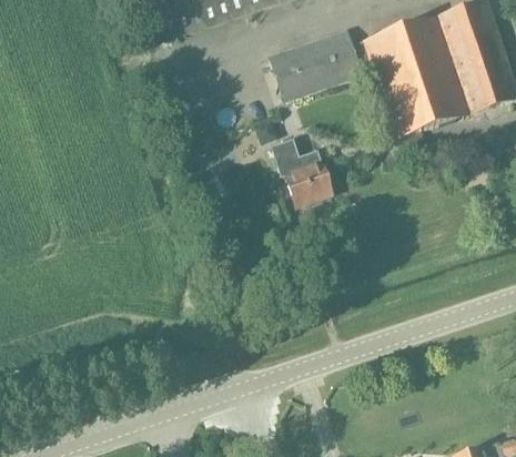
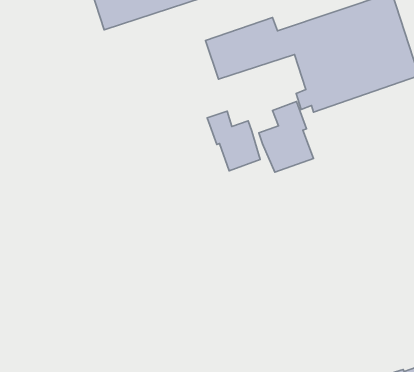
building: none -> [259,101,314,172]

